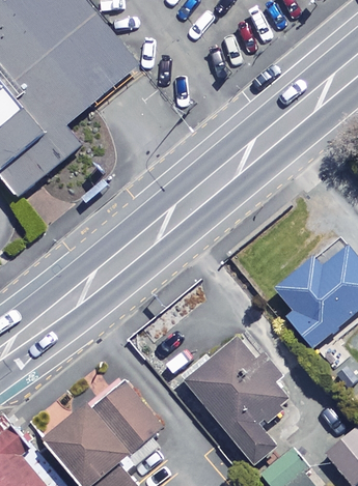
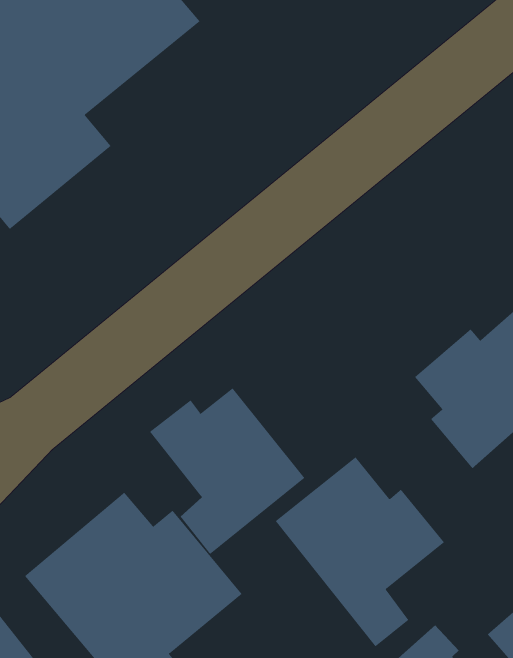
building: none -> [149,388,305,555]

